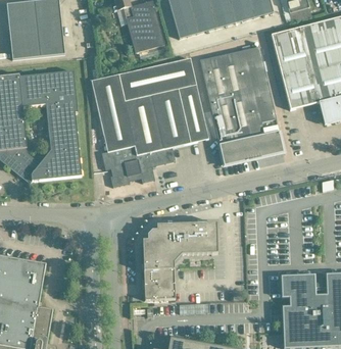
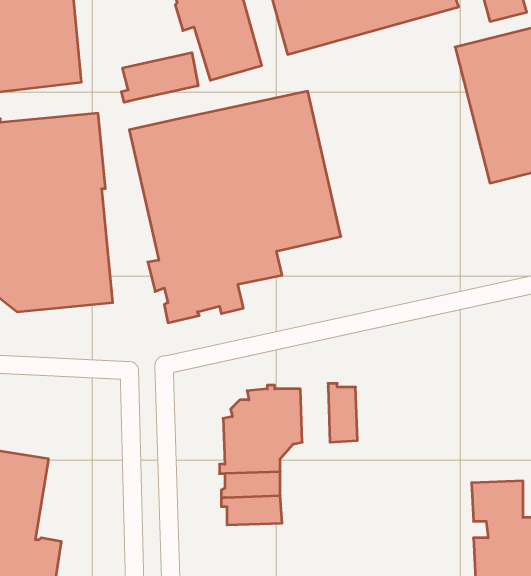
building: none -> [121,53,198,102]
building: [200,45,284,164] -> none
building: [186,219,202,252] -> none

